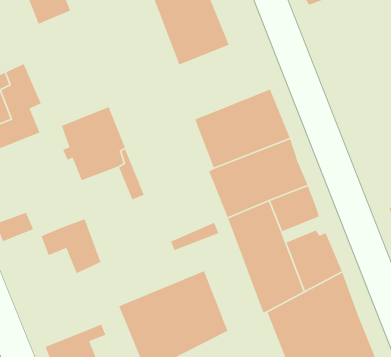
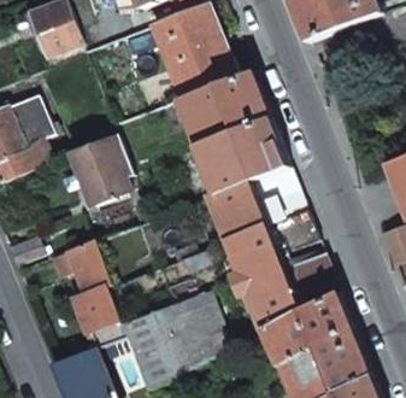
building: none -> [176,71,267,147]
building: none -> [71,283,126,346]

